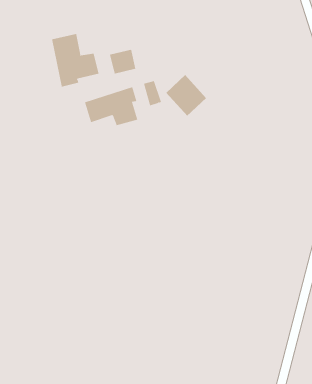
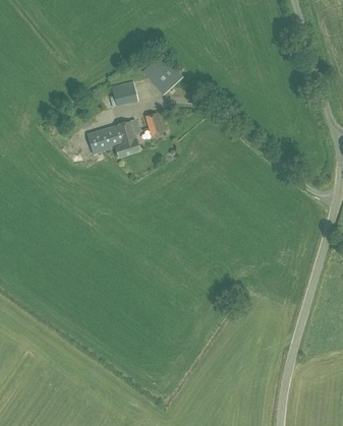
building: [51,33,99,87] -> none
building: [165,74,207,117] -> [141,53,182,95]

